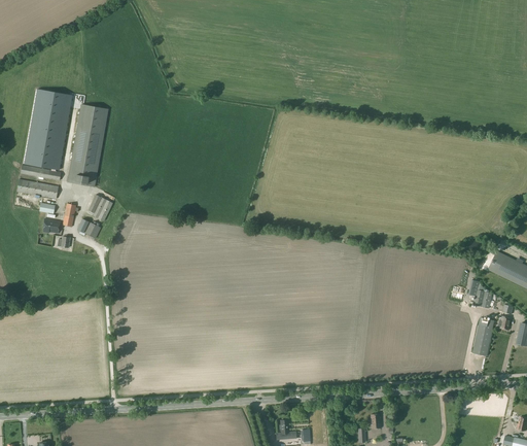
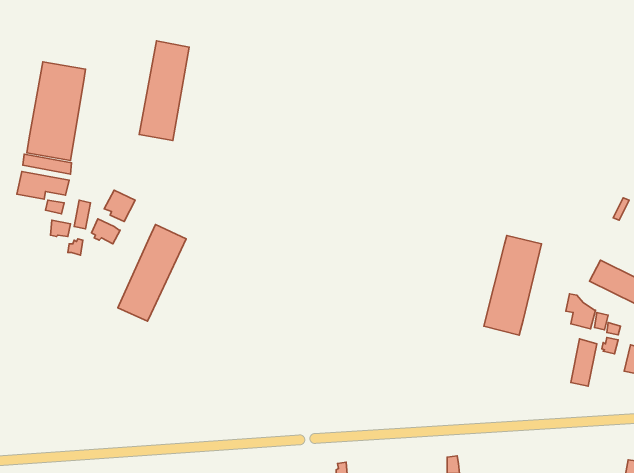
building: [67,103,108,185] -> [139,41,189,141]
building: none -> [118,225,186,321]
building: none -> [484,235,542,335]

